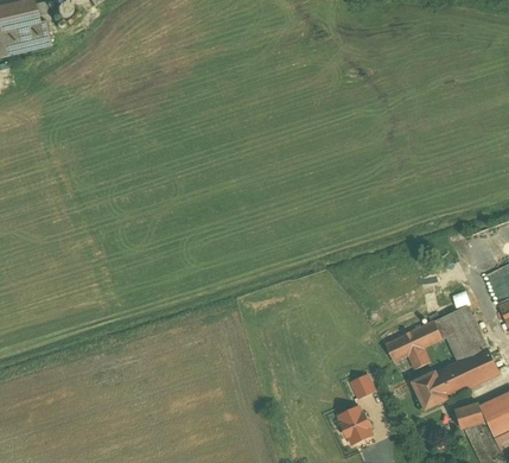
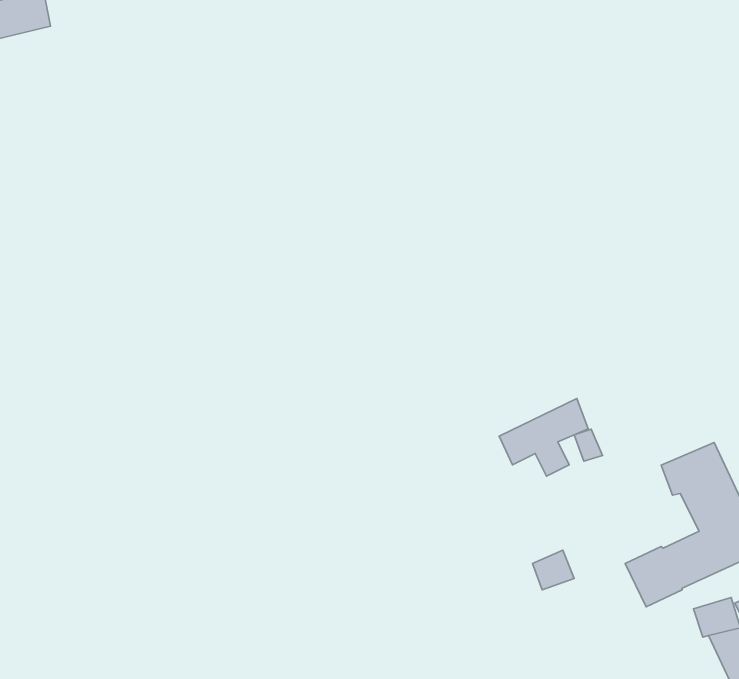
building: [386,318,441,367] -> [499,398,588,476]
building: [342,404,380,444] -> none

